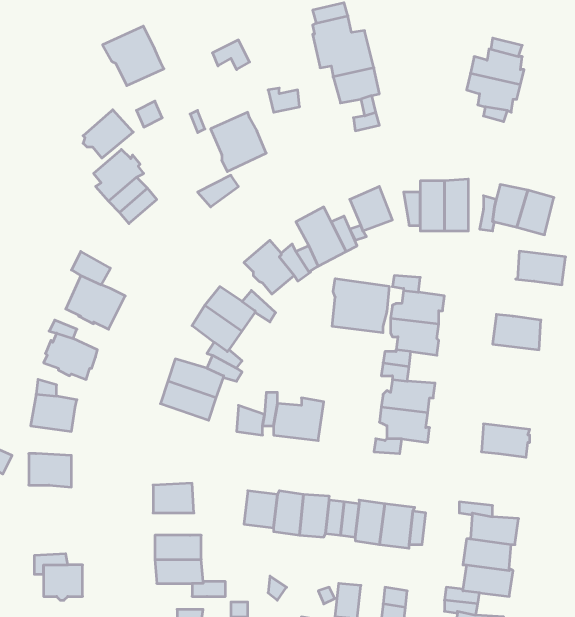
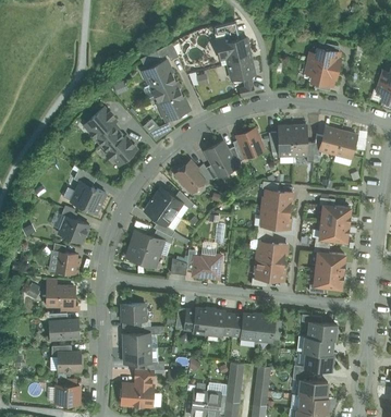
building: [103,26,164,86] -> [142,61,178,96]
building: [83,110,133,158] -> [108,136,137,164]
building: [516,251,566,285] -> [319,222,349,242]
building: [332,279,389,333] -> none
building: none -> [316,252,345,272]
building: none -> [48,319,81,340]

